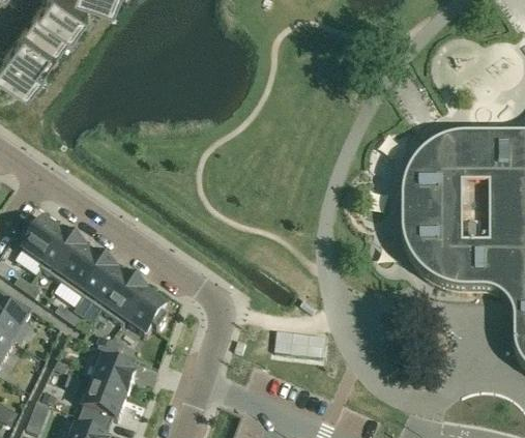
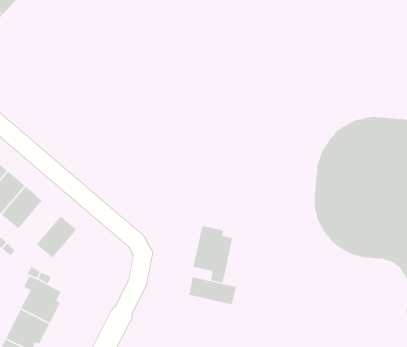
building: [83,257,127,308] -> none
building: none -> [193,225,233,283]
building: [123,287,169,331] -> none

